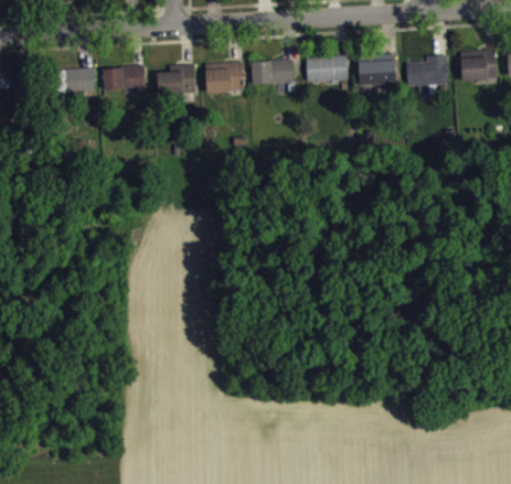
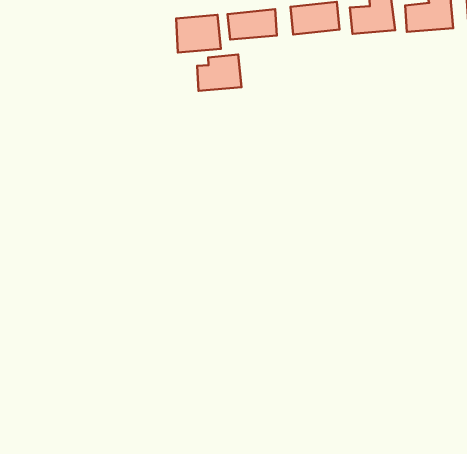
building: [158,65,195,95] -> [197,55,241,91]
building: [103,66,146,89] -> none
building: [62,68,95,94] -> none

